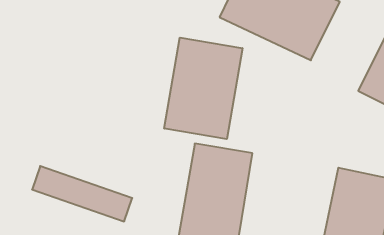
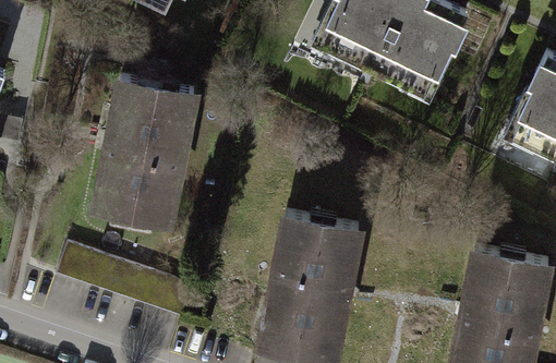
building: [164,38,242,139] -> none
building: none -> [96,73,198,220]

